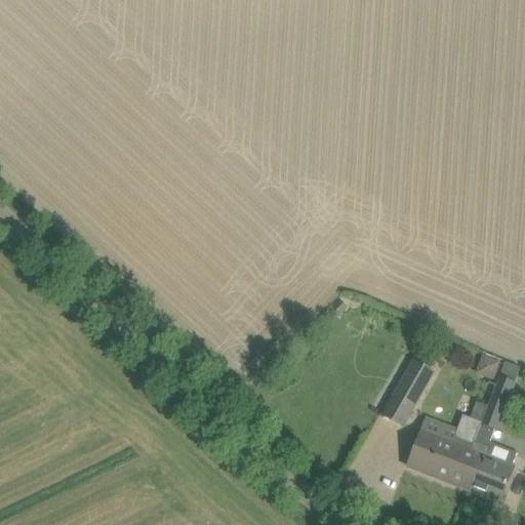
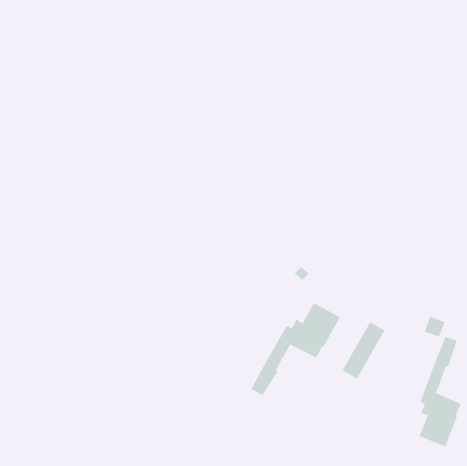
building: none -> [250,302,341,397]
building: [406,401,487,488] -> none

